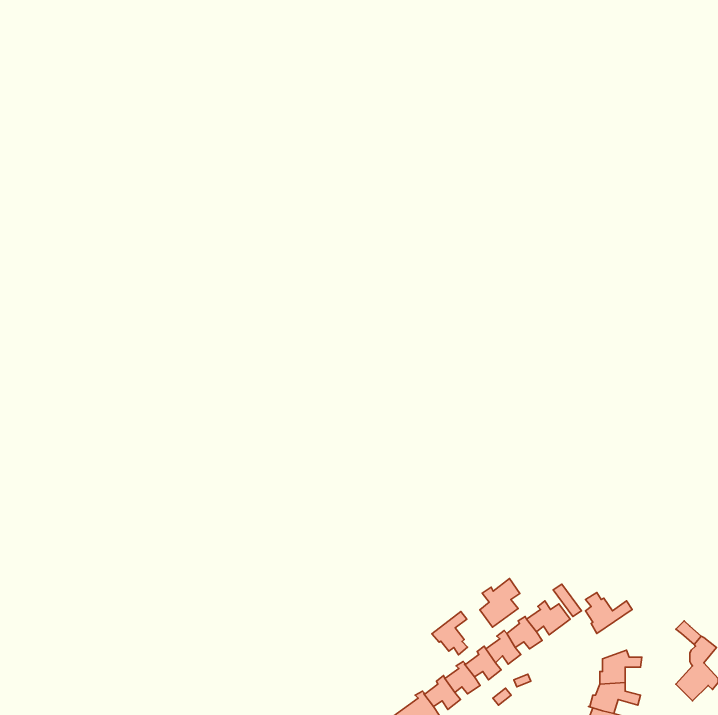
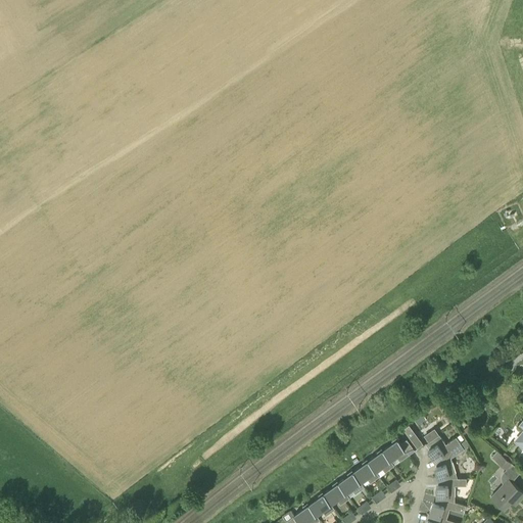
building: [480,579,520,627] -> none
building: none -> [433,445,463,481]
building: [432,611,467,655] -> none

